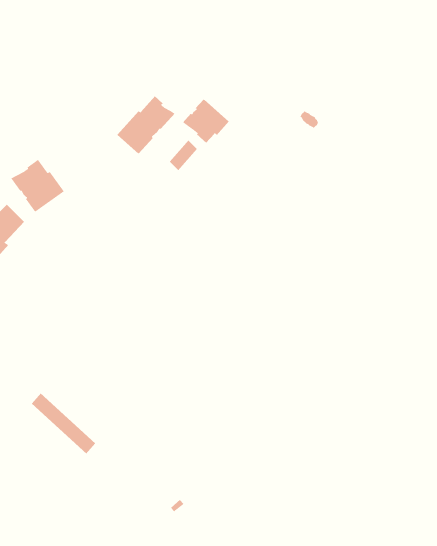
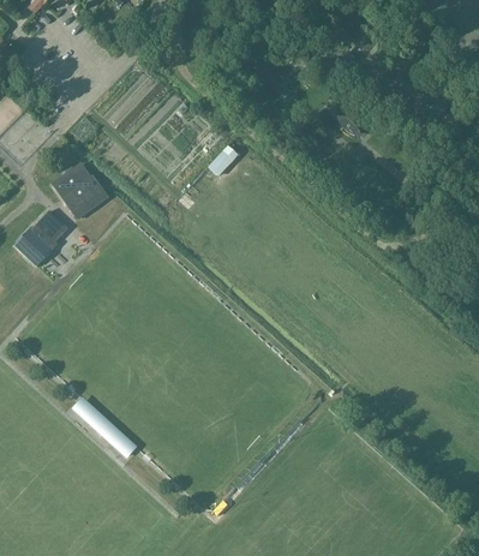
building: [117,96,175,154] -> none
building: [182,99,230,144] -> none

